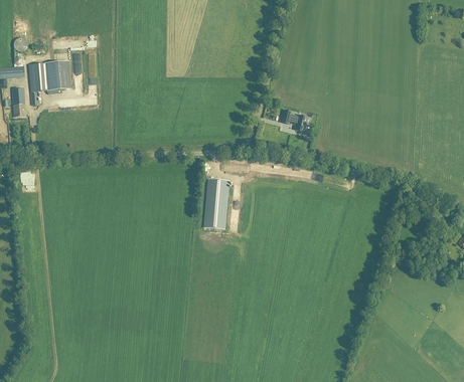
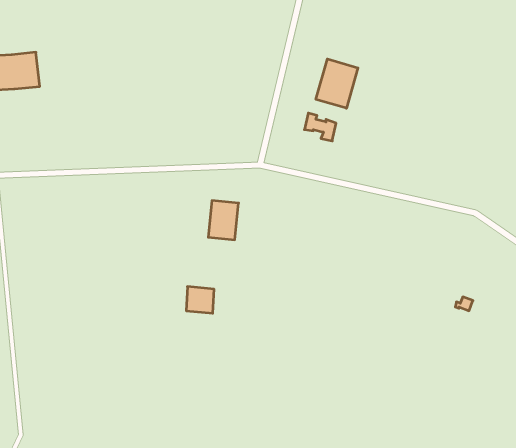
building: none -> [316,59,358,108]
building: [203,208,225,229] -> [186,287,214,313]

